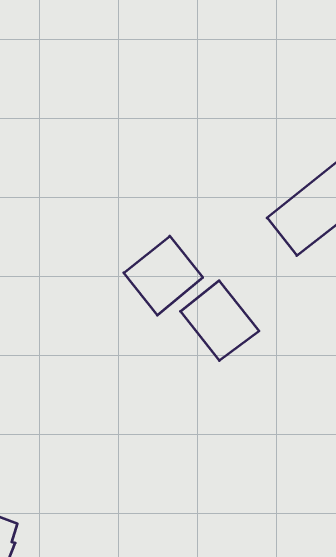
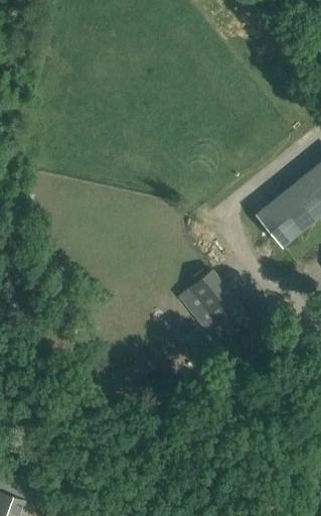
building: [124,236,203,315] -> none

